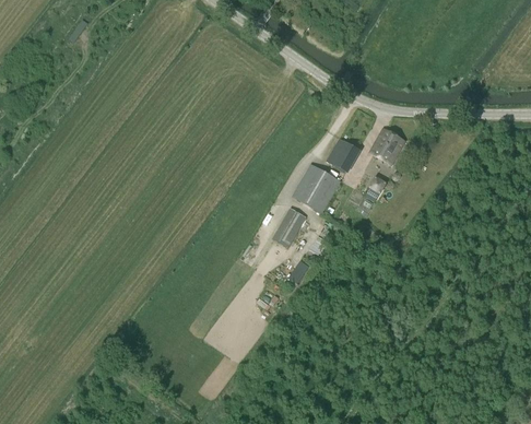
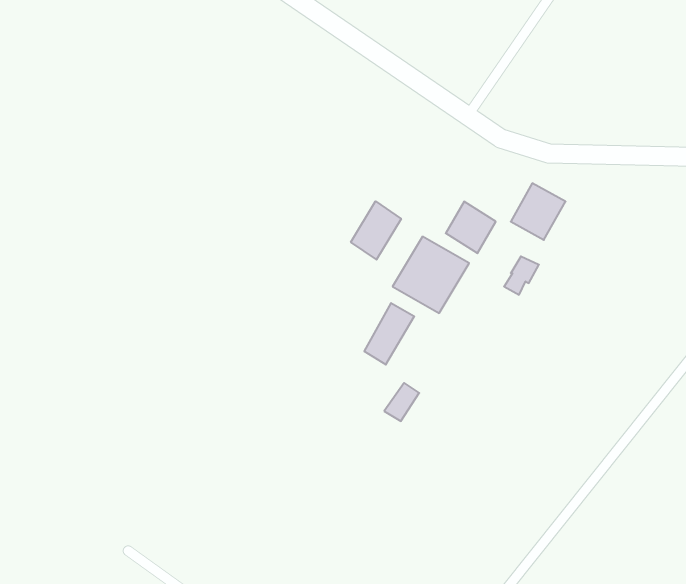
building: none -> [351,201,401,260]

